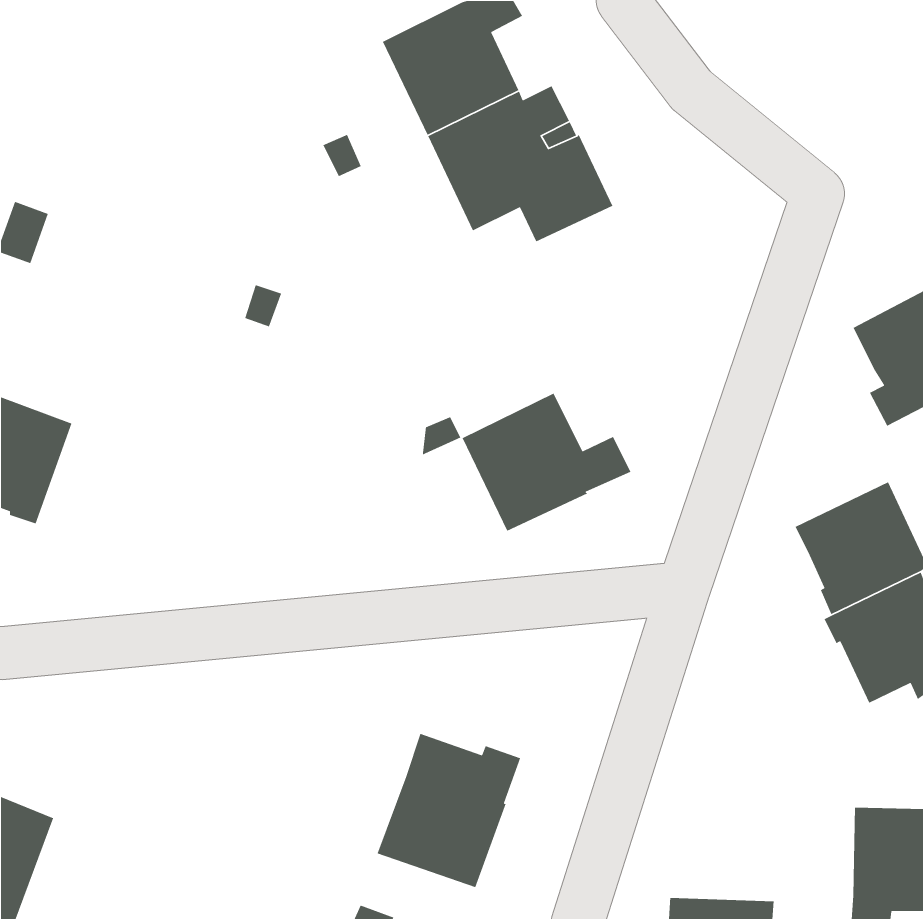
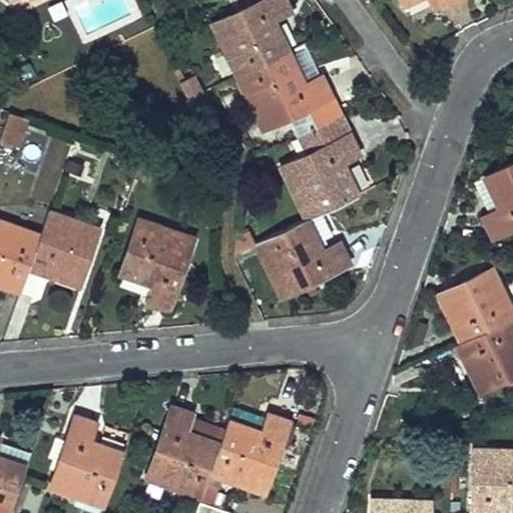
building: none -> [281,117,359,221]
building: none -> [21,213,98,299]
building: none -> [120,219,194,312]
building: none -> [146,409,225,500]
building: none -> [51,417,124,508]

